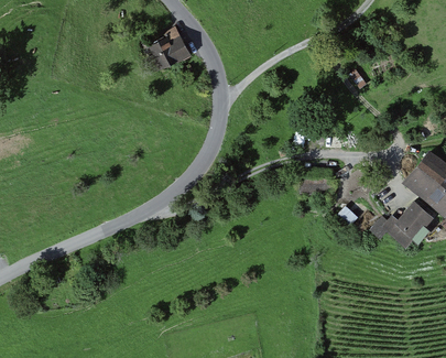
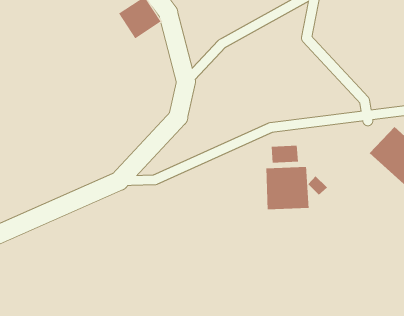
building: none -> [266,166,309,210]
building: [384,206,423,245] -> none

